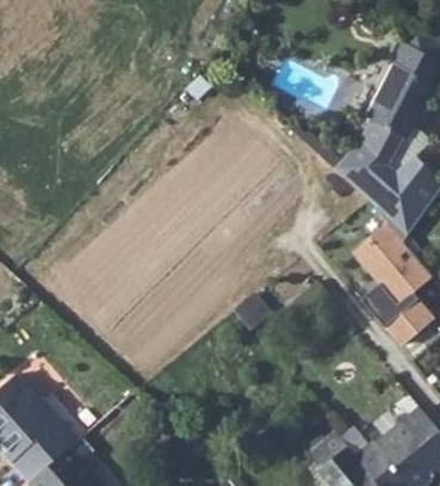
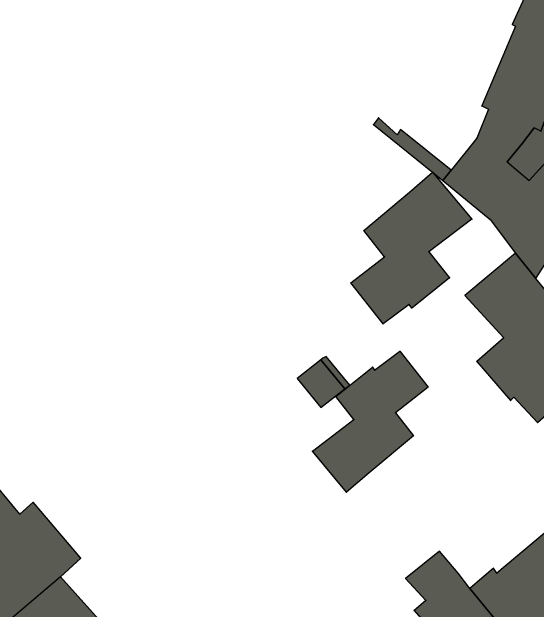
building: none -> [351,172,472,324]
building: none -> [312,351,428,492]

